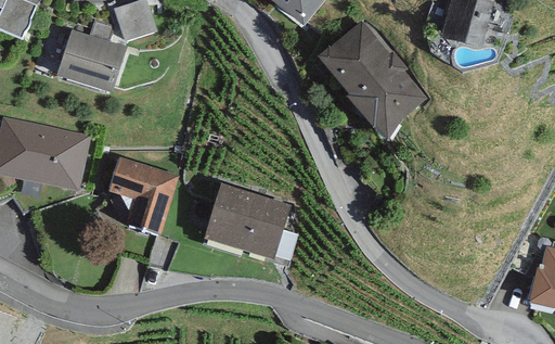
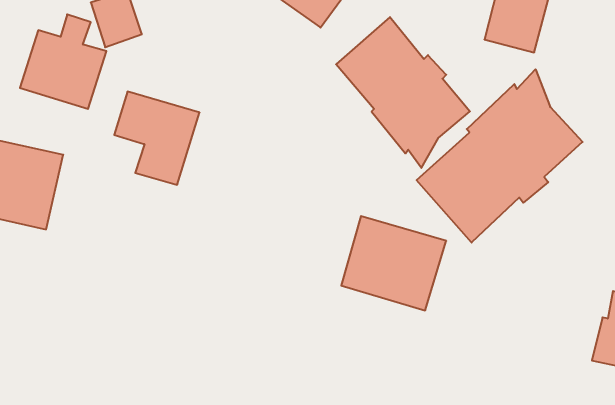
building: none -> [417,69,583,243]
building: [108,156,179,233] -> [114,92,200,185]
building: [204,182,291,260] -> [341,216,446,310]

